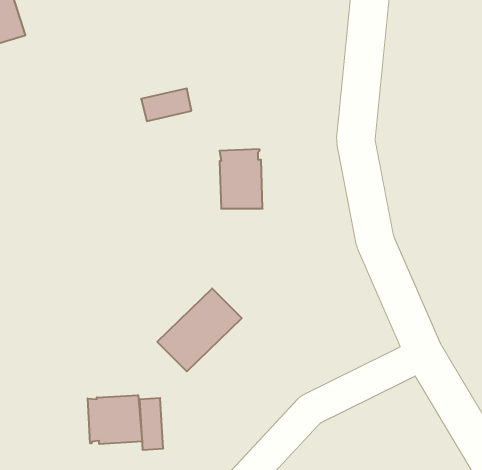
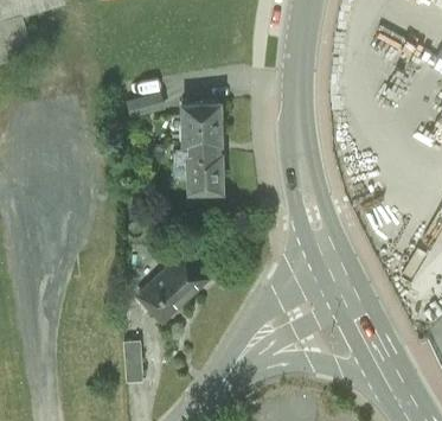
building: none -> [181,107,220,148]
building: [88,395,142,444] -> none

